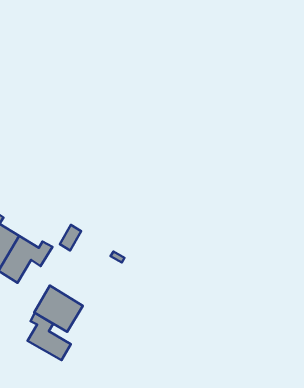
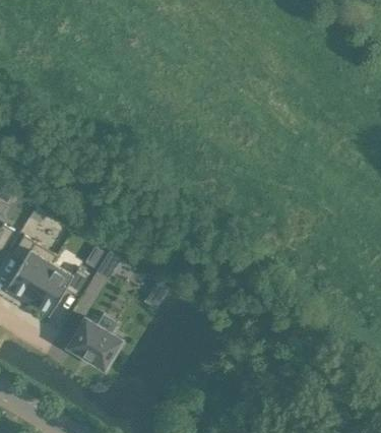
building: [28,313,71,360] -> none

